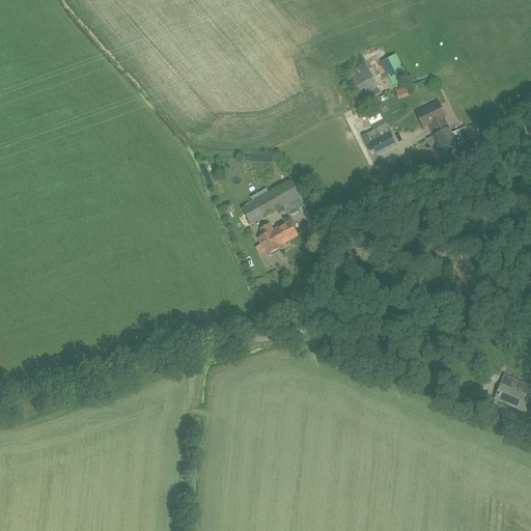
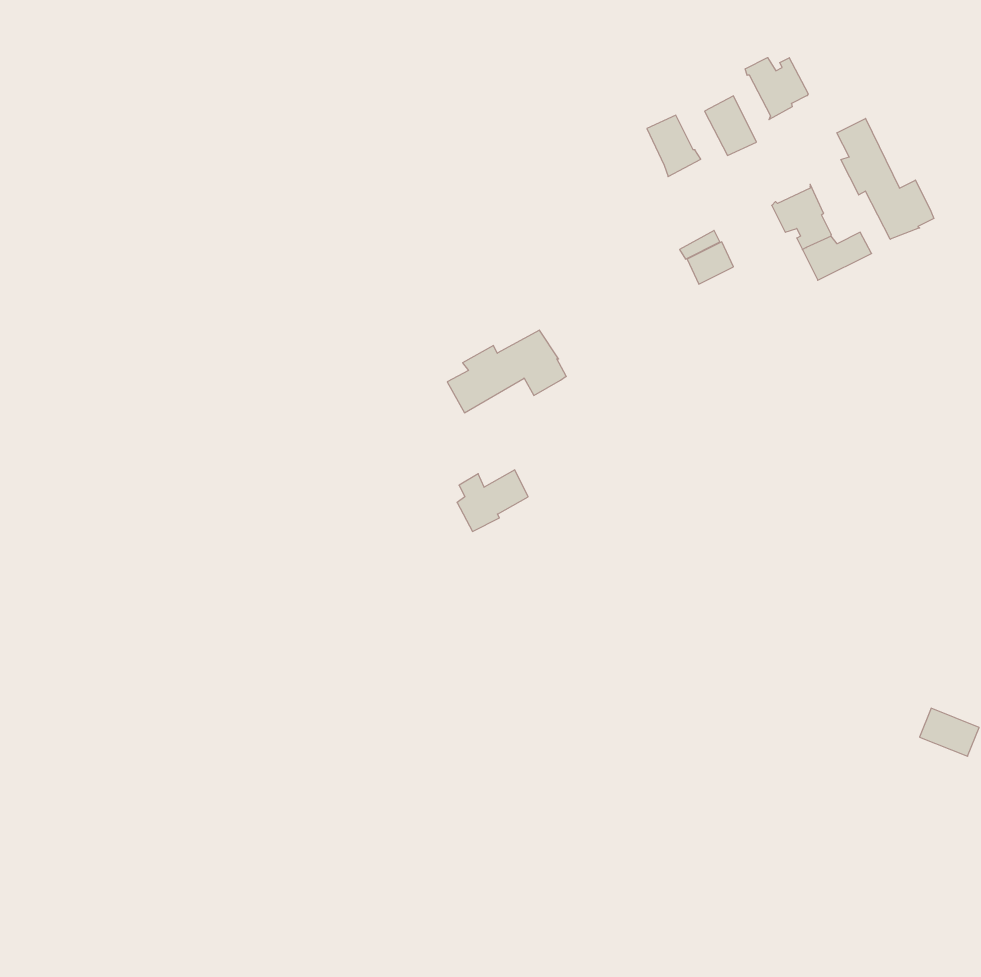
building: none -> [745,58,808,120]
building: none -> [837,118,934,239]
building: [259,219,298,252] -> [457,470,528,531]

